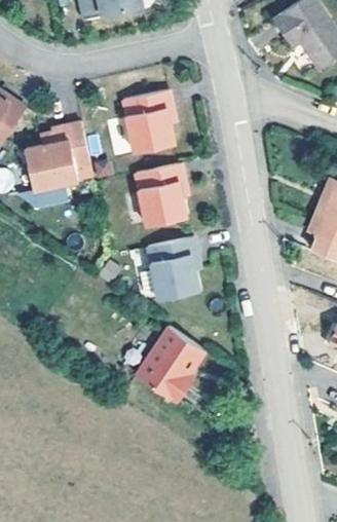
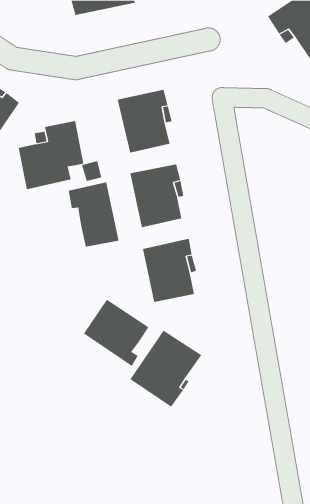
building: none -> [68,181,119,248]
building: none -> [83,299,149,367]

